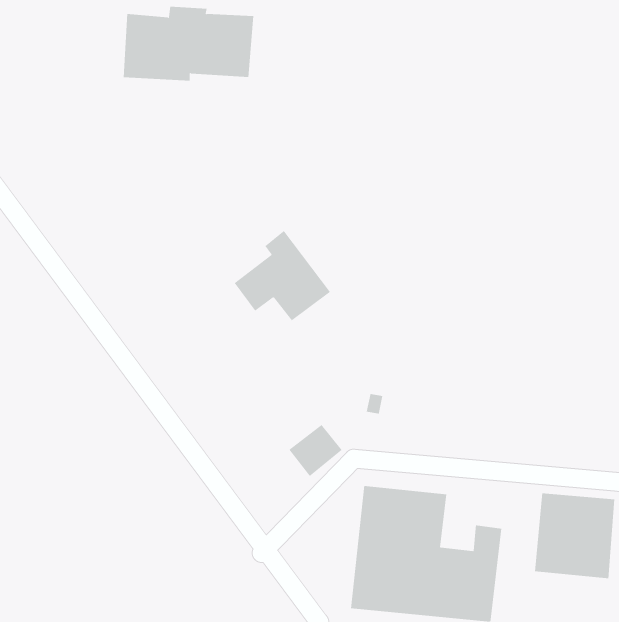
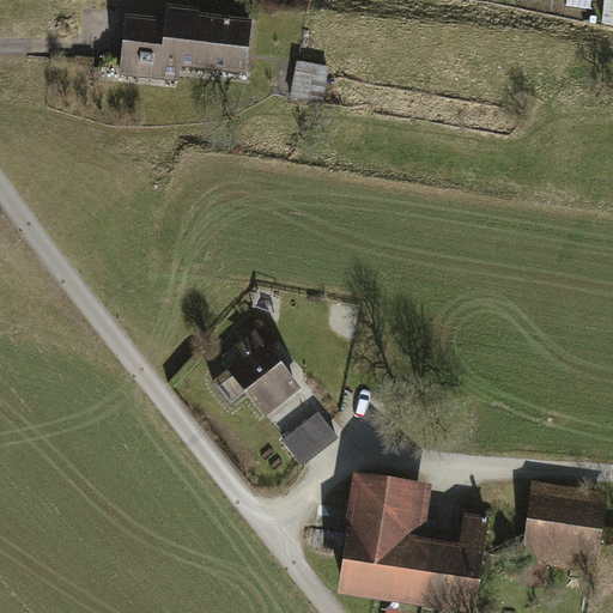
building: none -> [290,60,327,103]
building: [234,230,331,321] -> [208,328,303,417]

